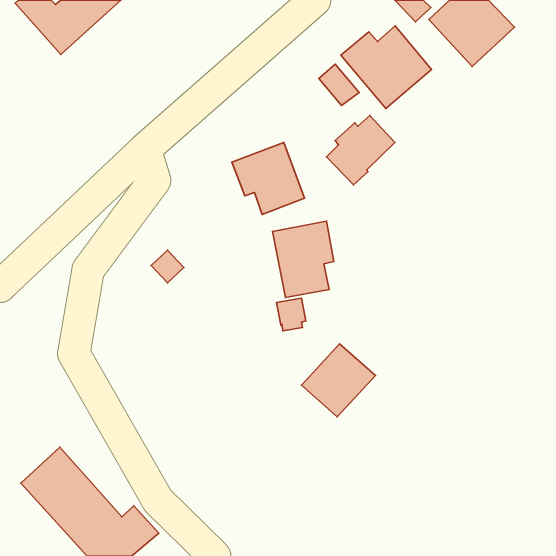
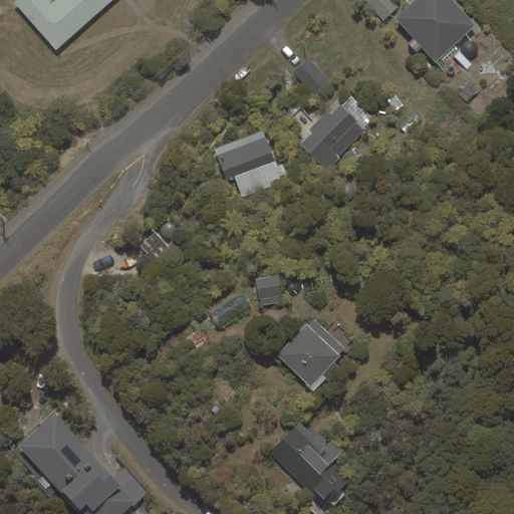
building: [341,26,431,108] -> none
building: [273,221,334,297] -> none
building: none -> [274,425,347,499]

